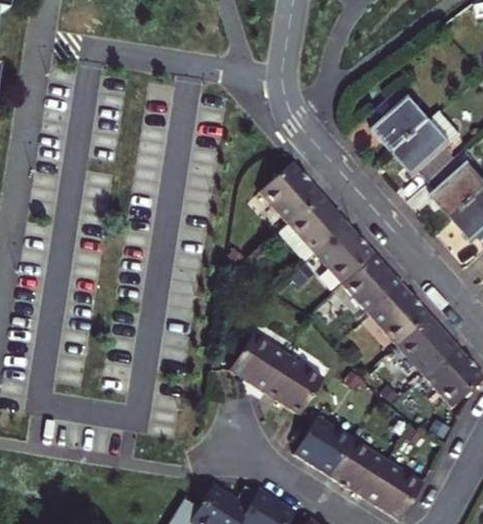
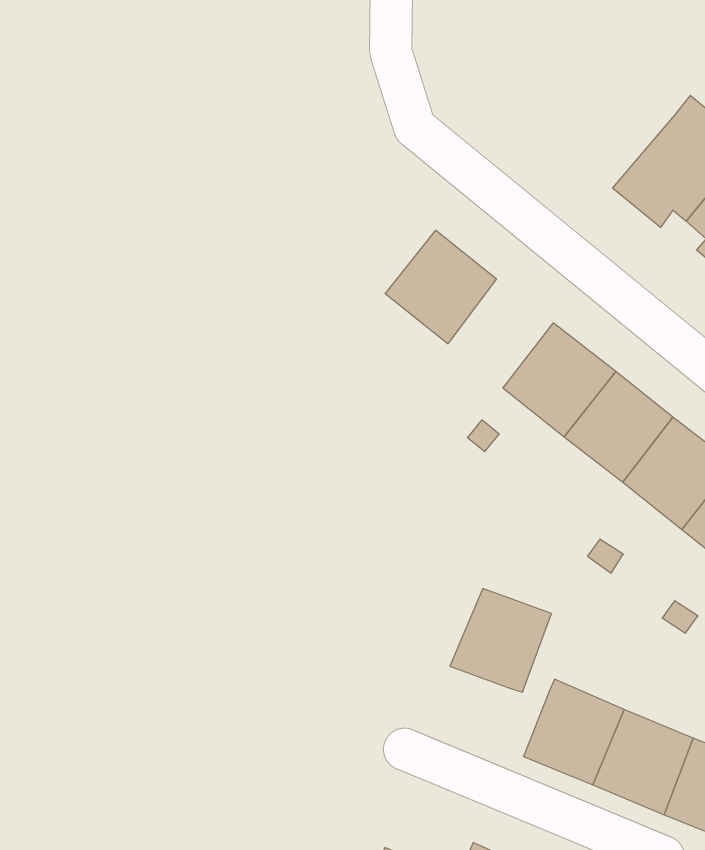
building: [369,91,432,156] -> none
building: [290,194,348,254] -> none
building: [226,338,287,399] -> none

